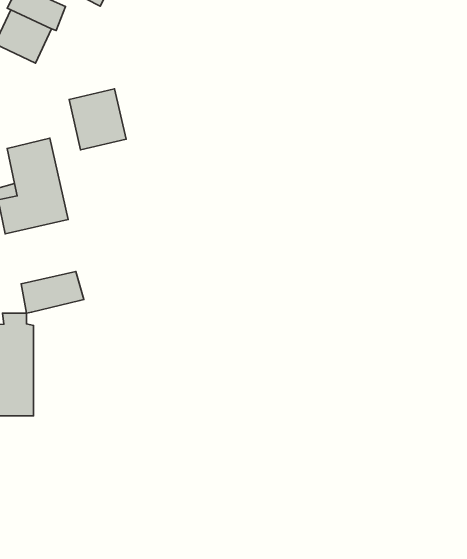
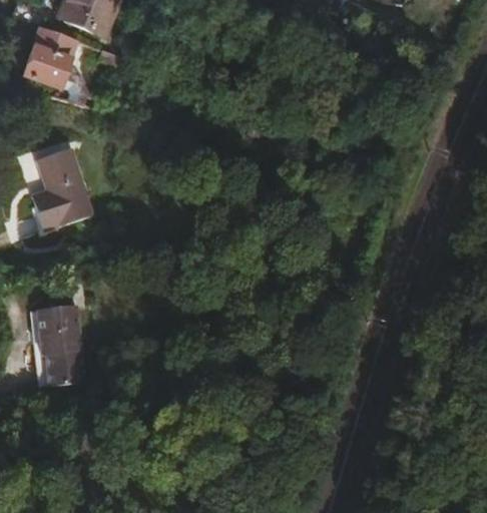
building: [69,89,126,150] -> none
building: [21,271,84,313] -> none

